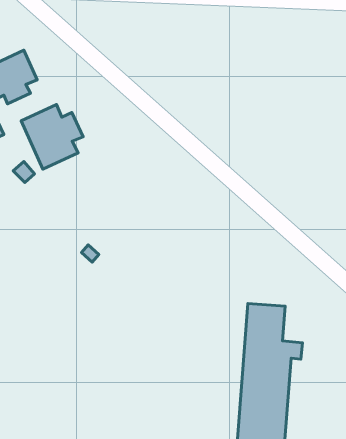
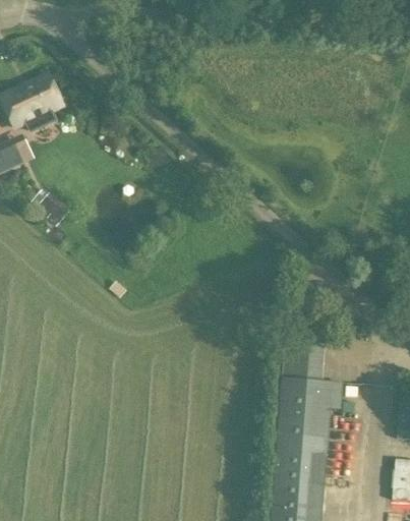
building: [21,105,83,169] -> none

